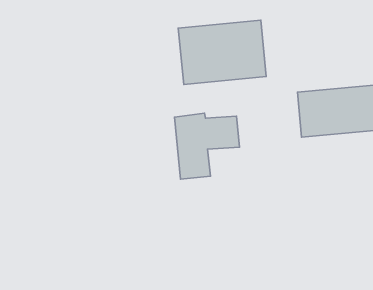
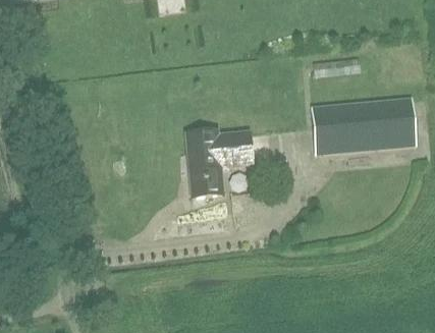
building: [178,20,266,85] -> none

